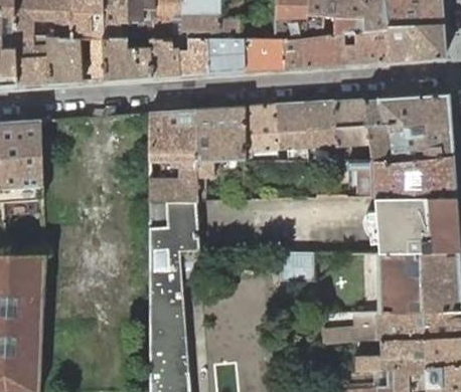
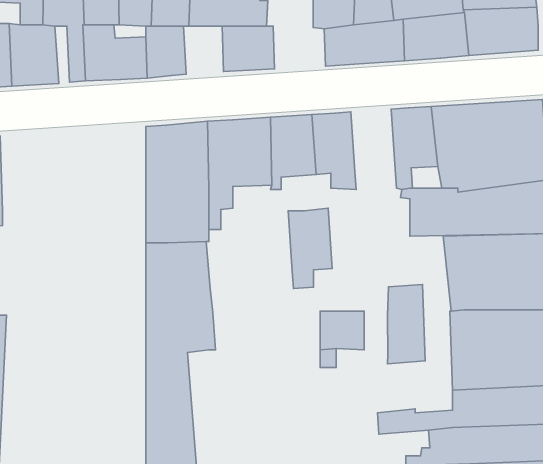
building: [178,38,208,74] -> none
building: [246,38,285,70] -> none
building: [304,101,337,161] -> [288,208,332,289]
building: none -> [387,284,425,364]

